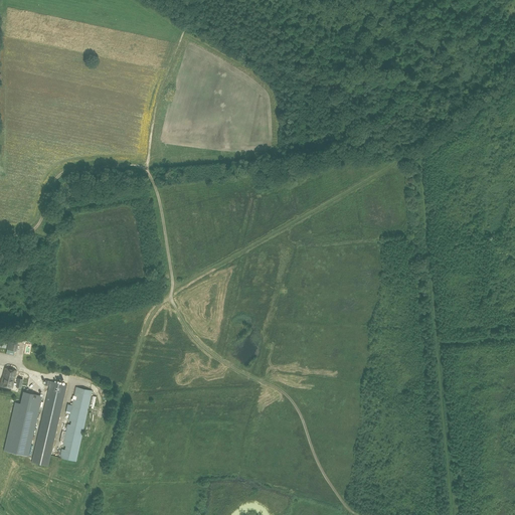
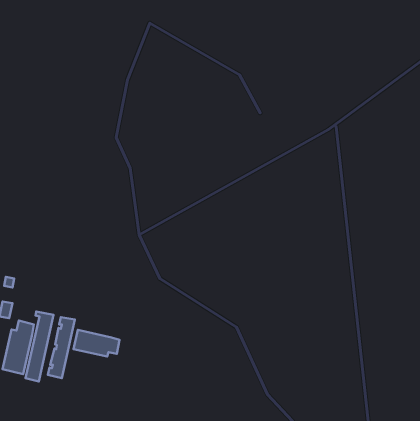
building: none -> [74,330,120,357]

